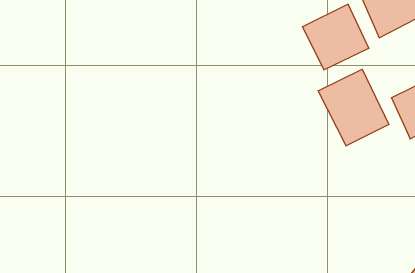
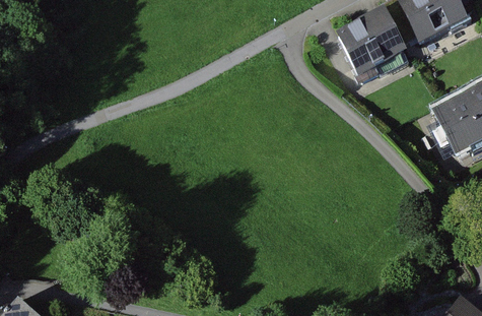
building: [318,69,389,146] -> none

